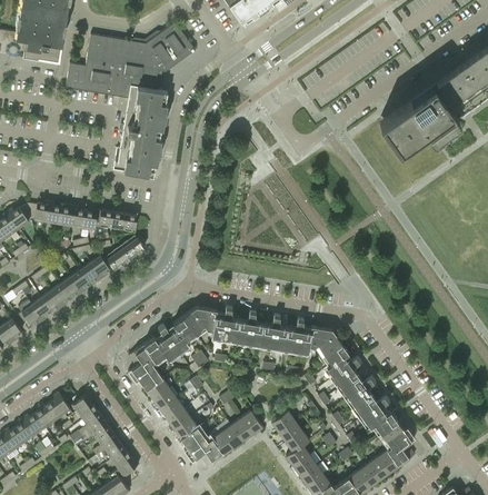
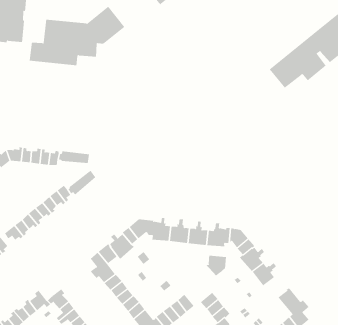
building: [113,86,168,175] -> none
building: none -> [205,255,227,277]
building: [356,396,390,427] -> none

